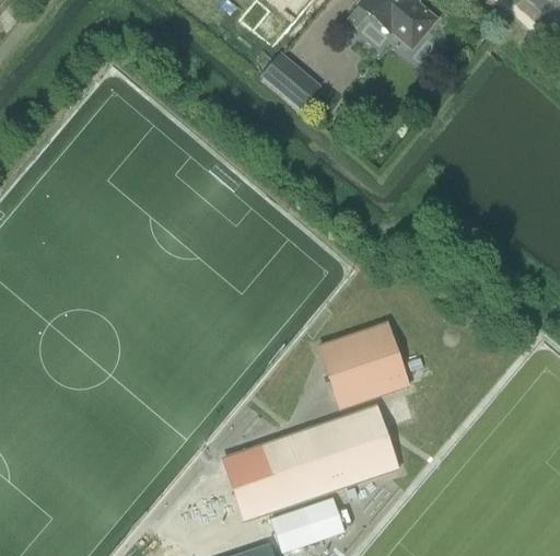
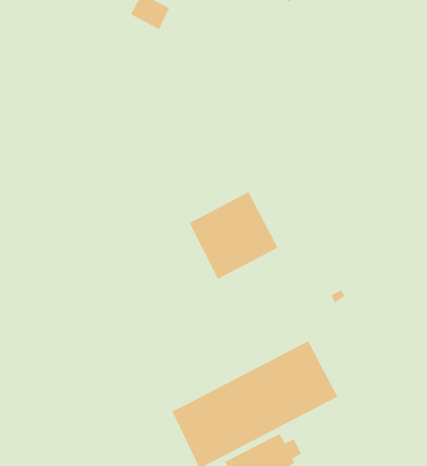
building: [262,53,320,108] -> none
building: [319,322,409,408] -> [189,192,279,279]

